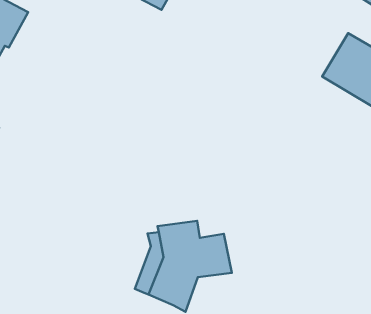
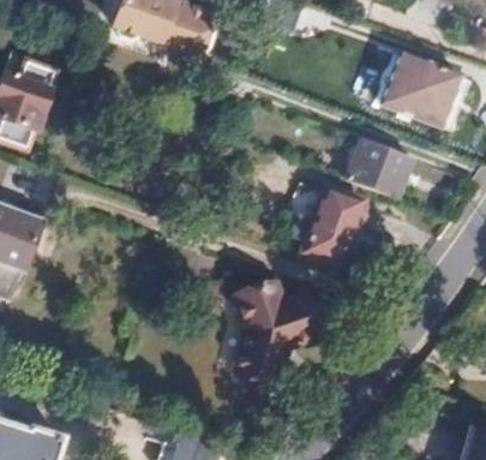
building: none -> [347,139,413,198]
building: none -> [290,183,365,262]

